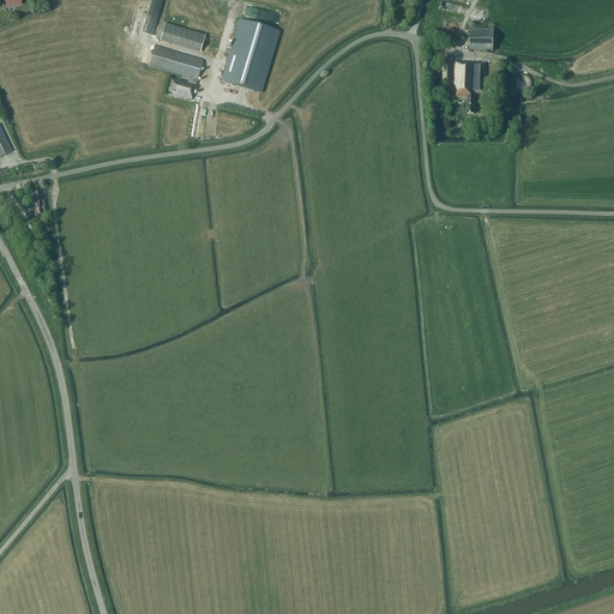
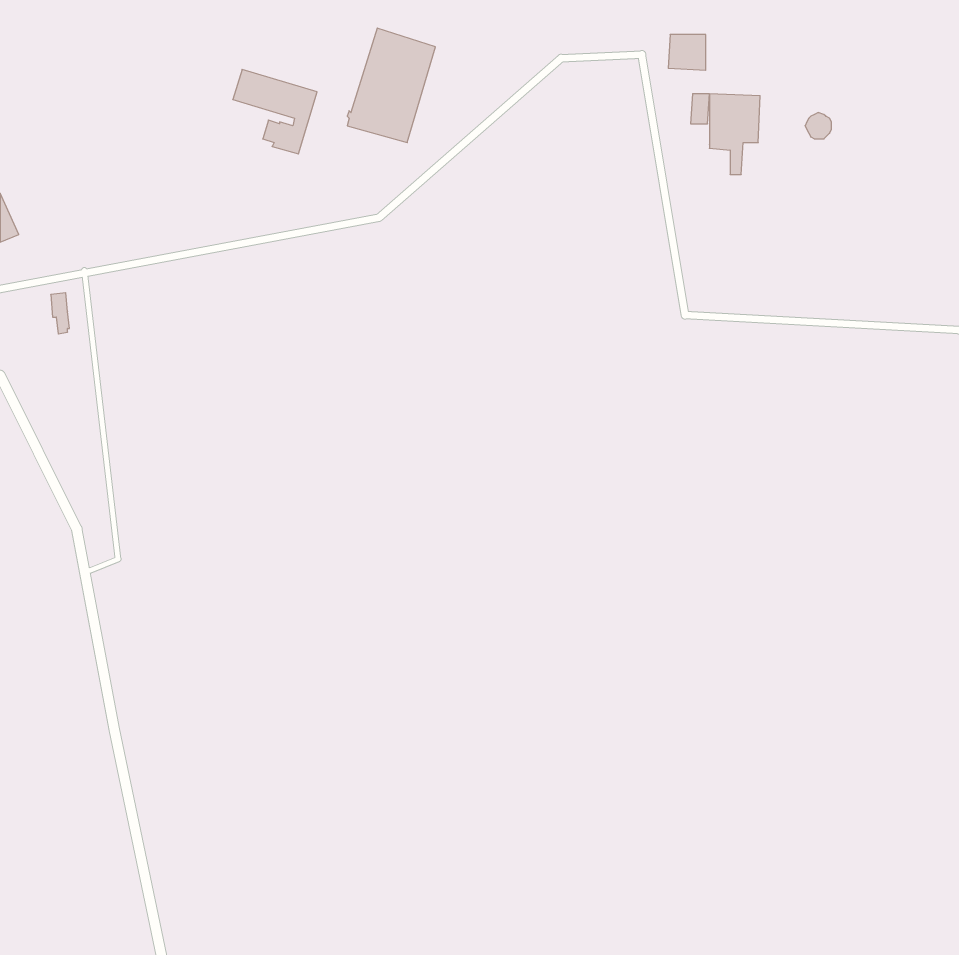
building: [159,20,205,50] -> none
building: [469,26,493,49] -> [668,35,706,70]

